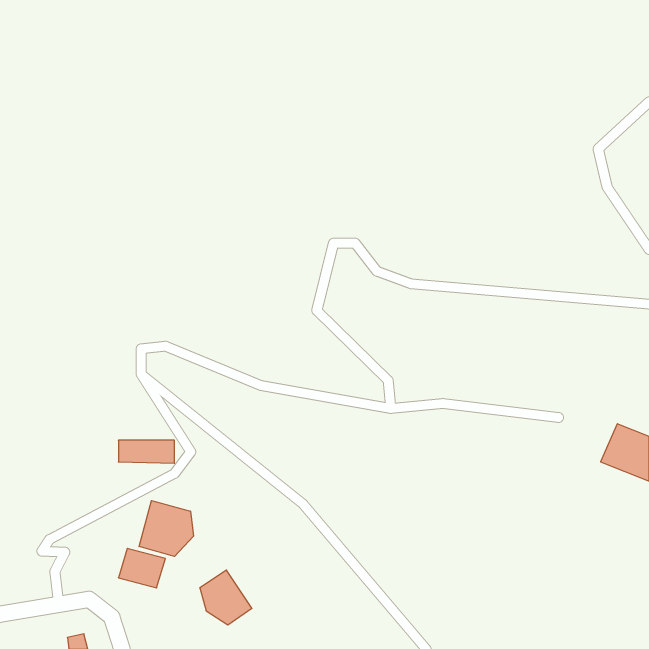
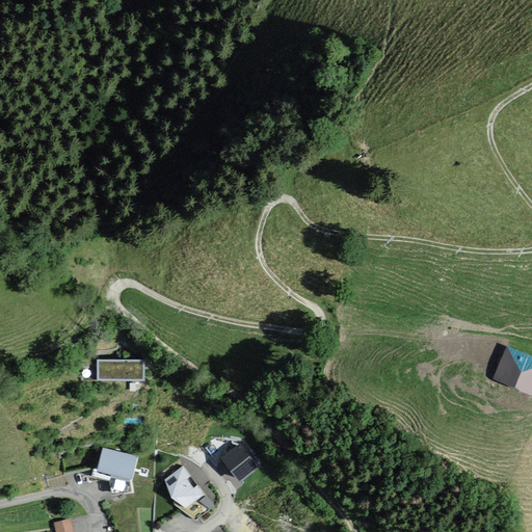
building: [139,501,193,556] -> none
building: none -> [221,444,257,480]

